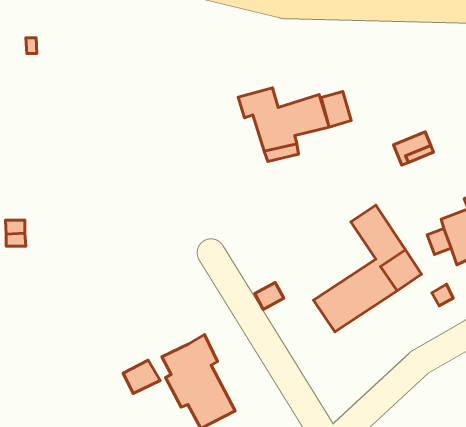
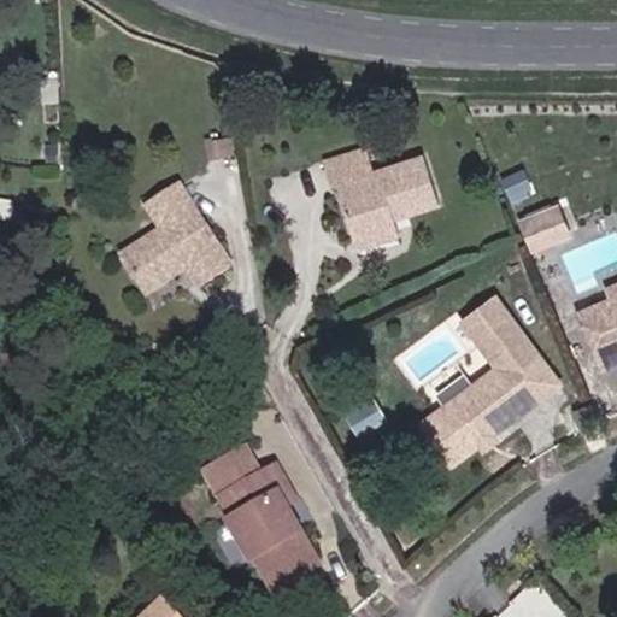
building: [321,92,351,127] -> none
building: none -> [123,183,230,295]
building: [123,360,160,394] -> [207,451,255,494]

